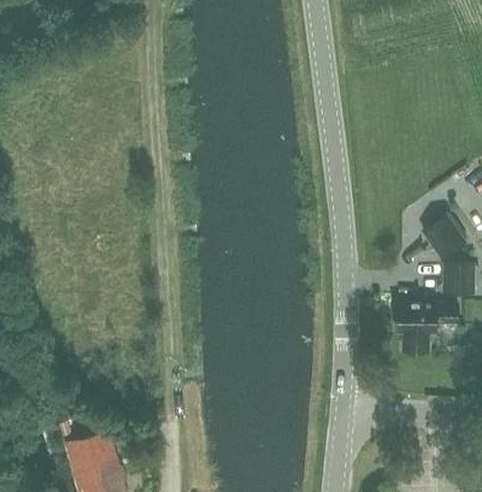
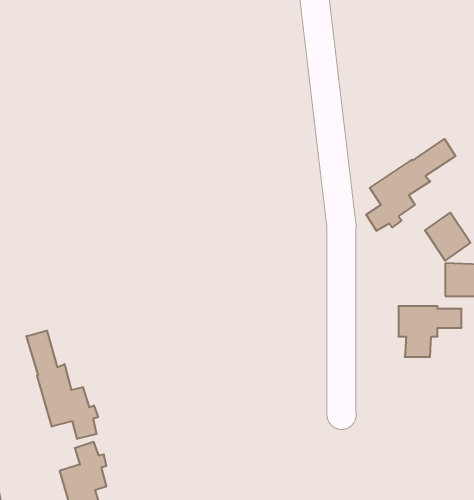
building: none -> [366,139,455,231]
building: none -> [26,331,98,439]

